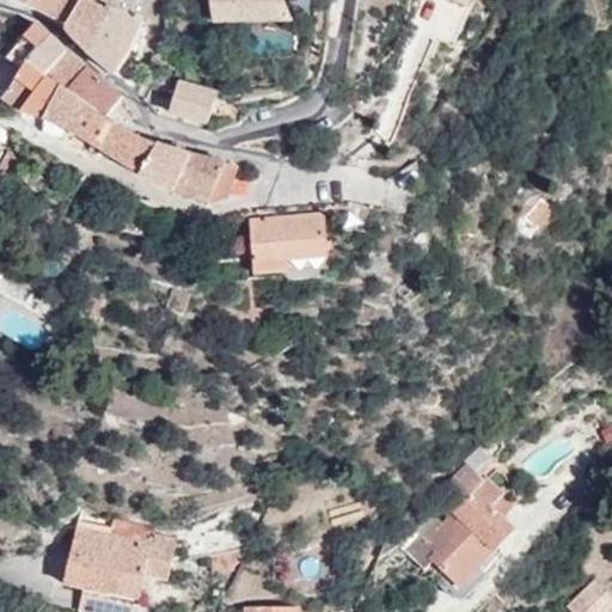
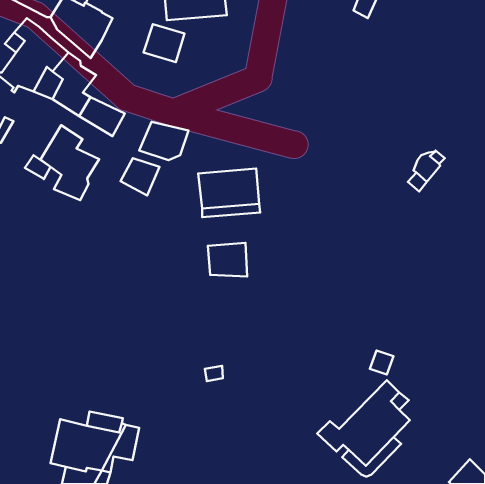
building: [165,78,216,126] -> [143,24,184,62]
building: [141,142,190,189] -> [120,158,160,195]
building: none -> [41,125,99,200]
building: none -> [208,243,247,277]

